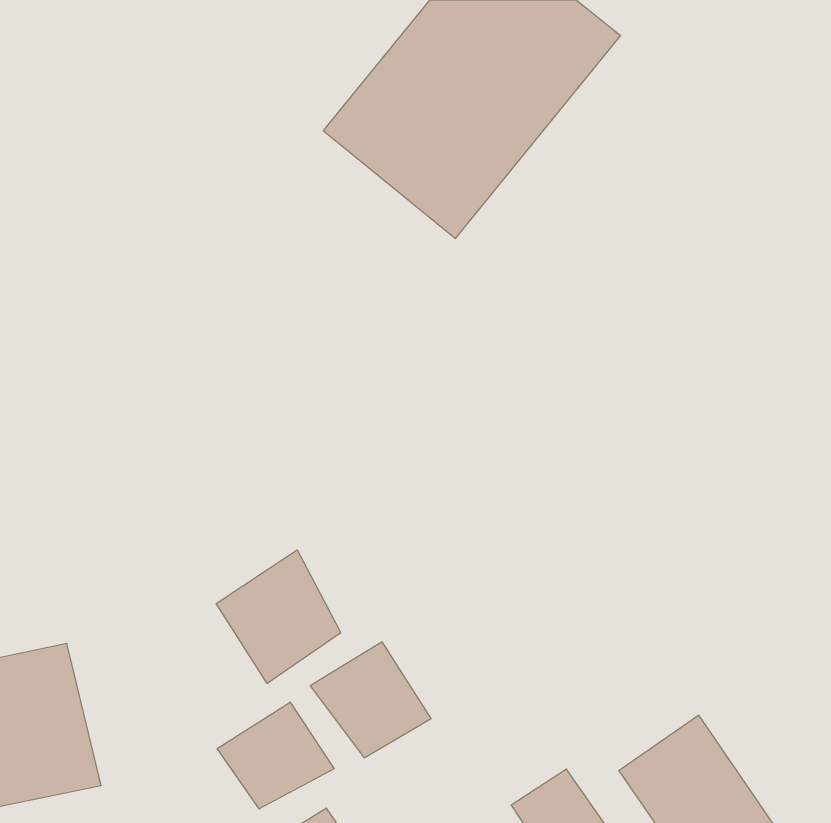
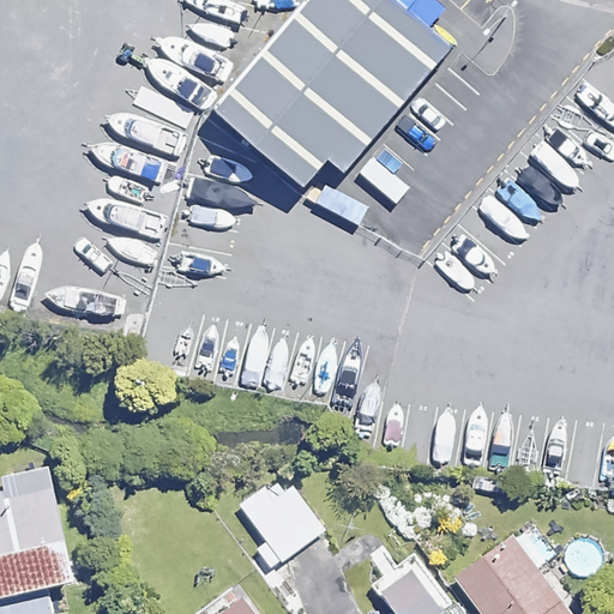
building: [216,550,341,683] -> none
building: [217,702,334,809] -> none

